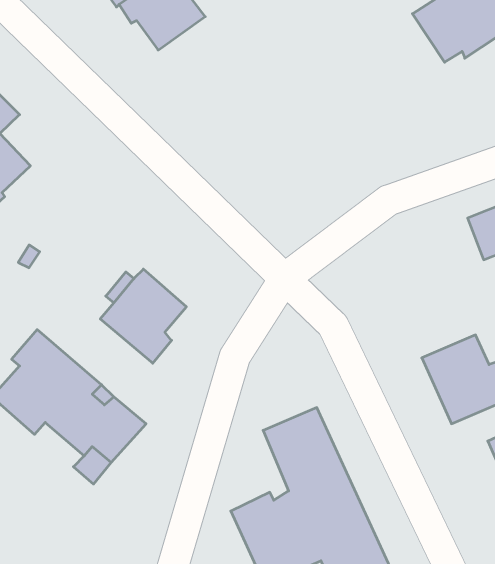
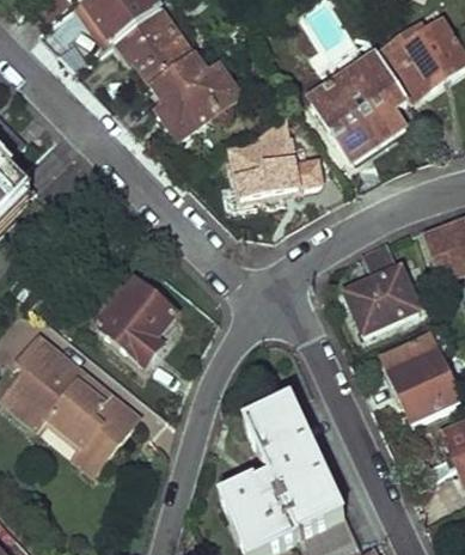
building: none -> [311,51,405,158]
building: none -> [151,54,239,138]
building: none -> [230,111,319,200]
building: none -> [347,240,418,333]

